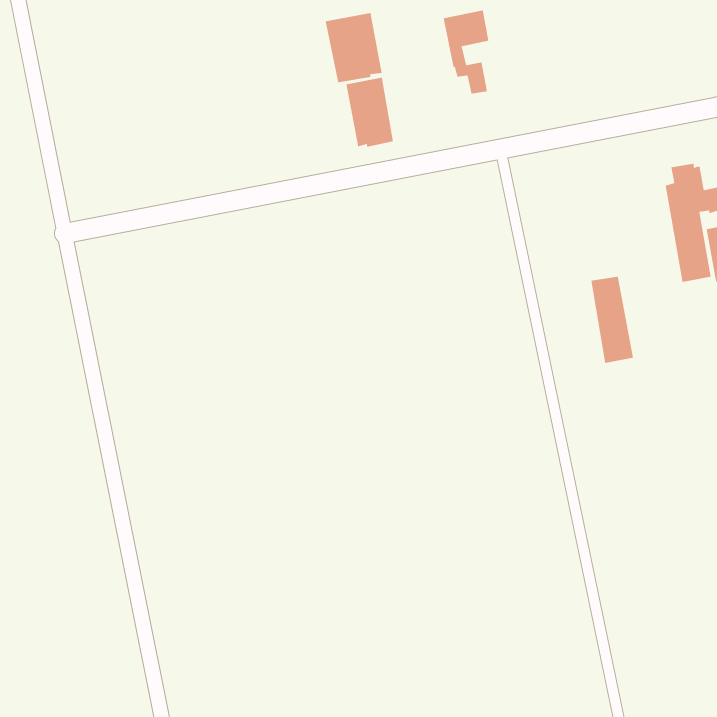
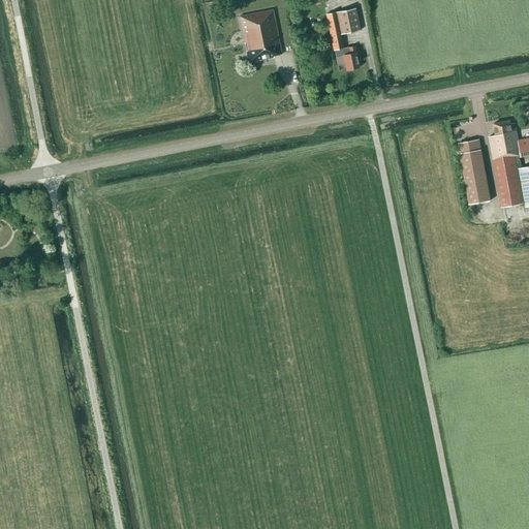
building: [346,77,393,147] -> none
building: [590,276,634,363] -> [459,138,491,203]

